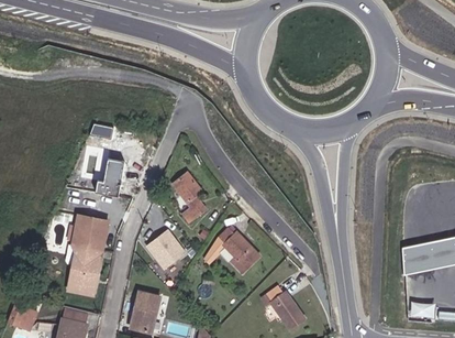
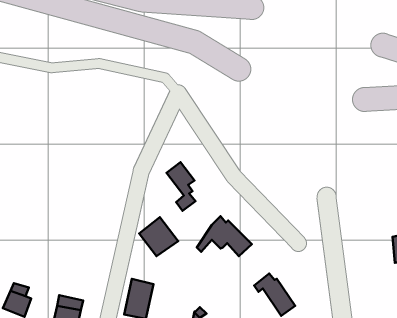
building: [96,157,124,196] -> none
building: [68,216,107,294] -> none

